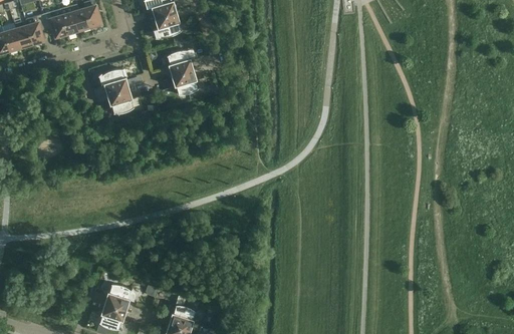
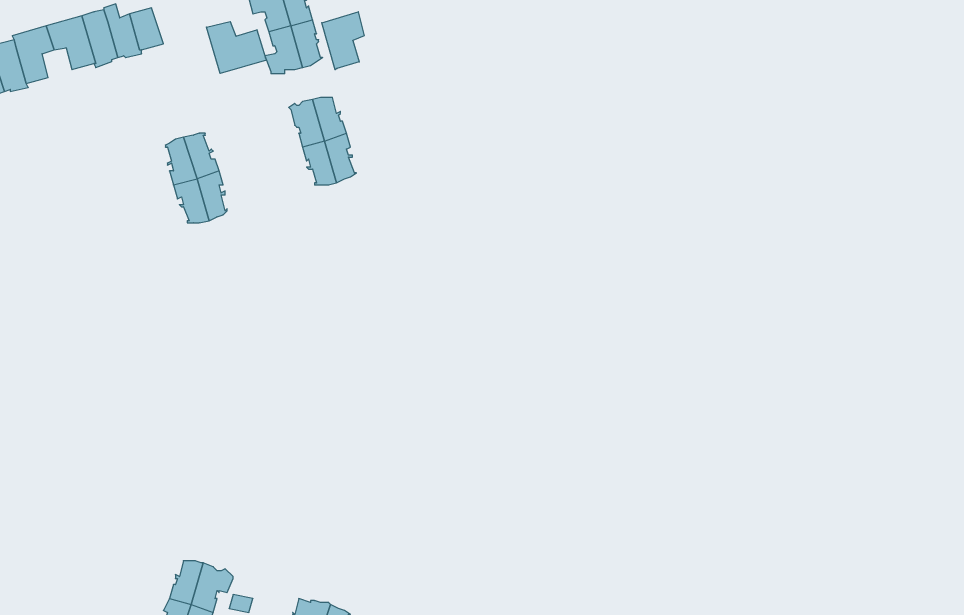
building: none -> [322,12,364,70]
building: none -> [206,22,267,73]

